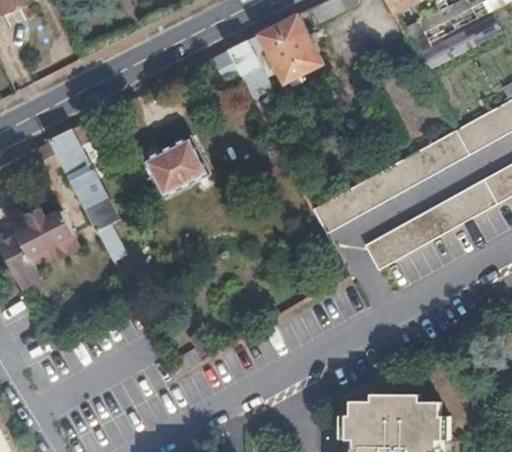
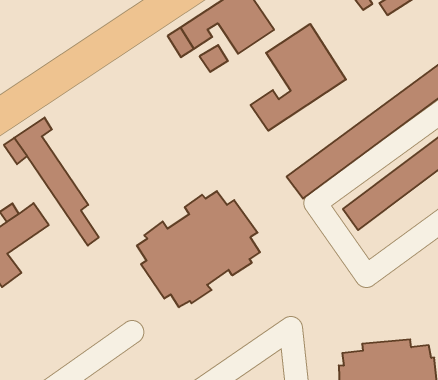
building: none -> [251,24,346,131]
building: [139,138,207,201] -> none
building: none -> [137,191,260,307]

